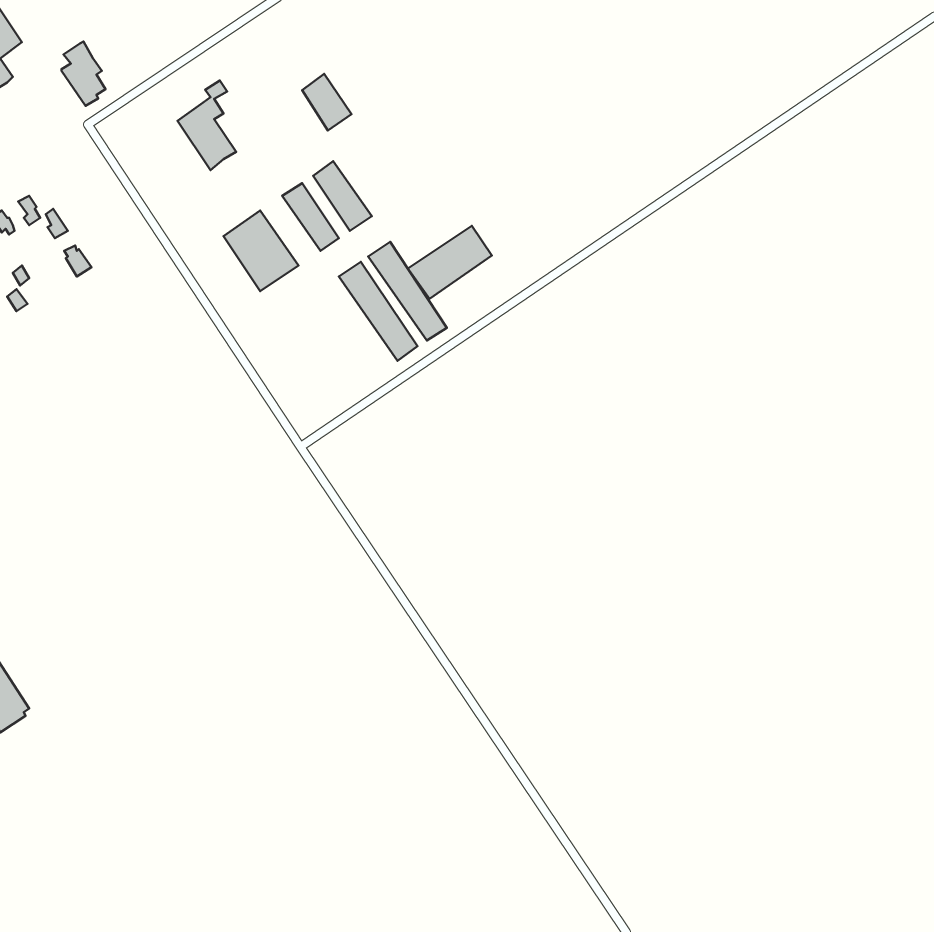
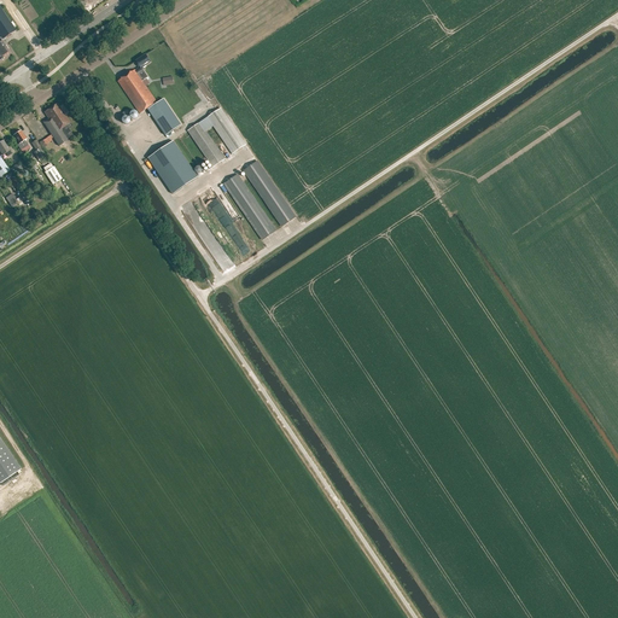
building: [62,42,105,106] -> [42,101,71,144]
building: [302,74,352,131] -> [147,97,180,134]
building: [408,226,492,299] -> none

